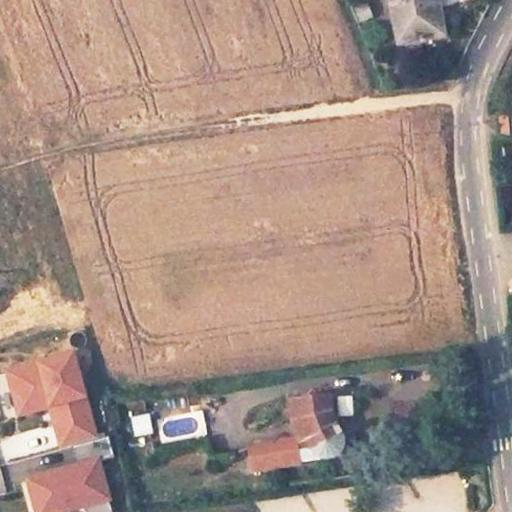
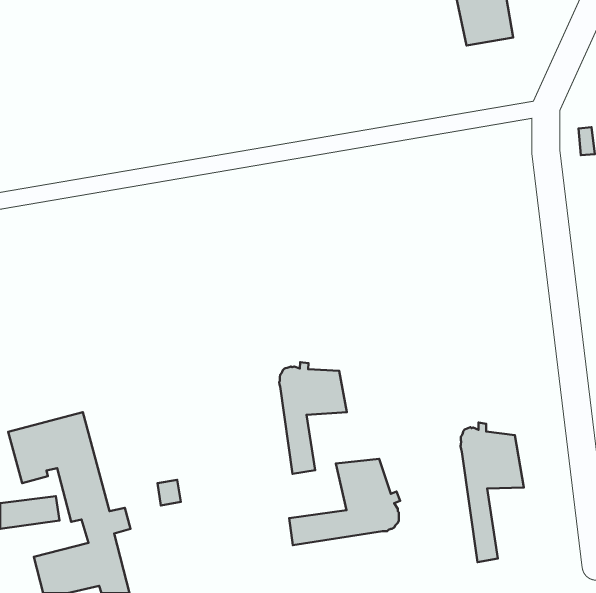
building: none -> [279,362,347,474]
building: none -> [460,422,524,562]

